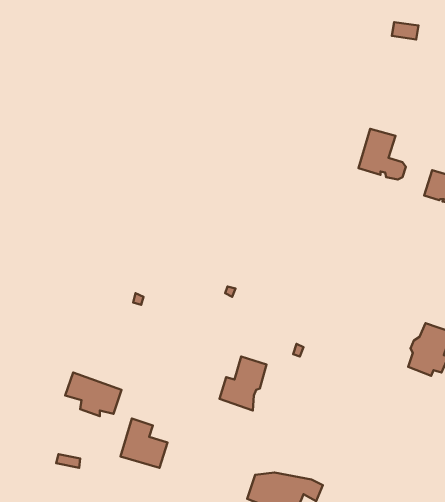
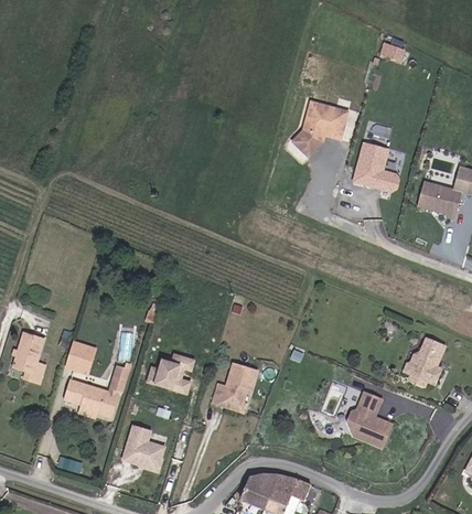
building: none -> [288,101,344,157]
building: none -> [18,332,49,387]
building: none -> [66,340,98,375]
building: none -> [144,354,192,393]
building: none -> [341,390,387,445]

